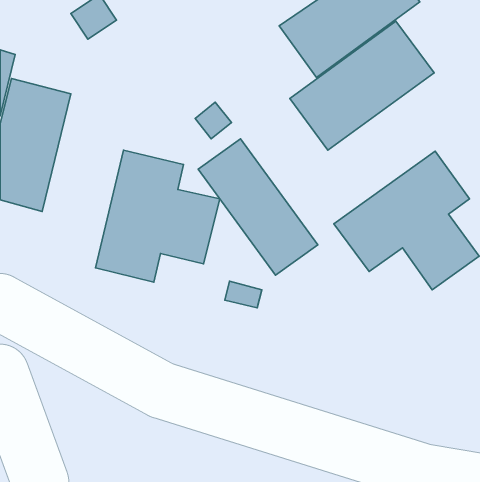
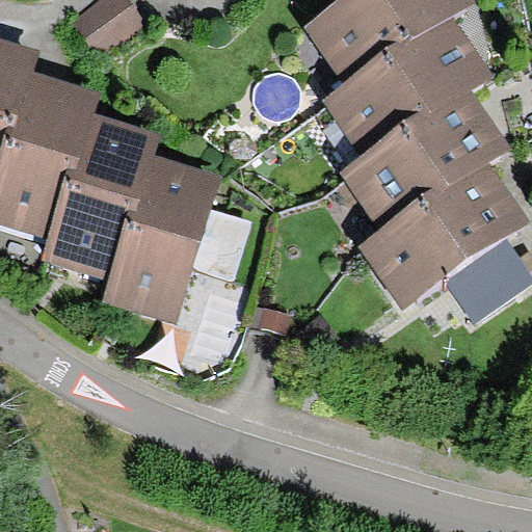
building: none -> [348,97,499,231]
building: none -> [50,128,147,271]
building: [198,139,318,275] -> none

